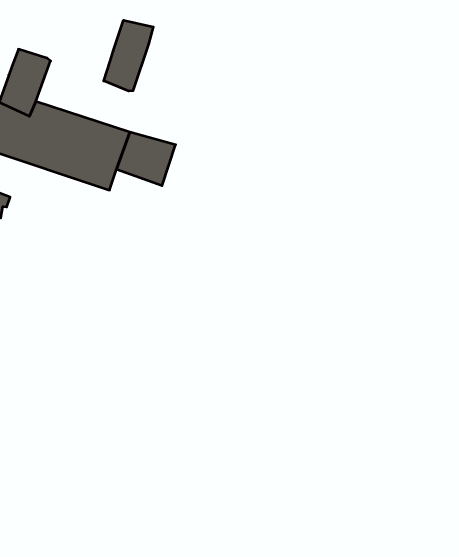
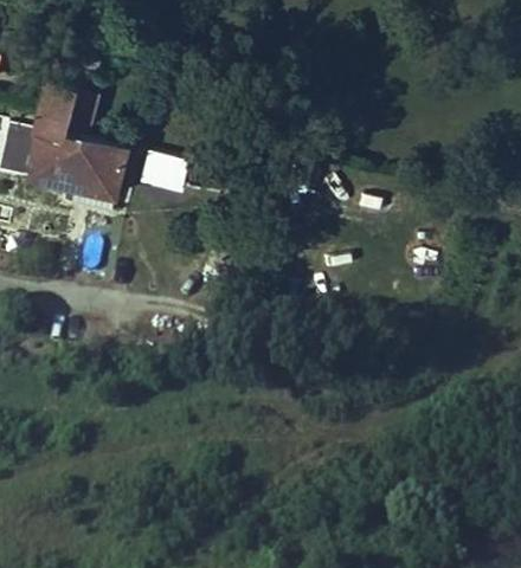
building: [104,20,153,91] -> none

